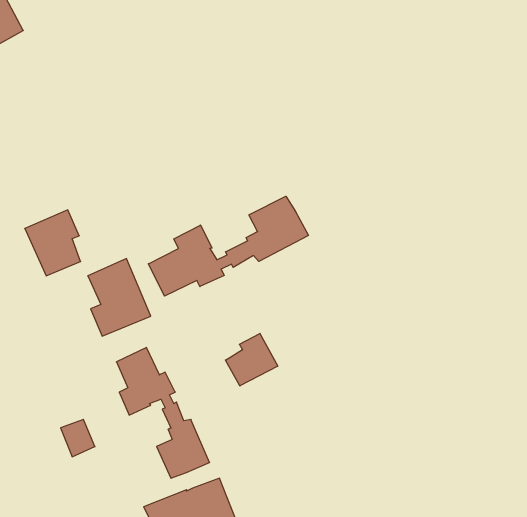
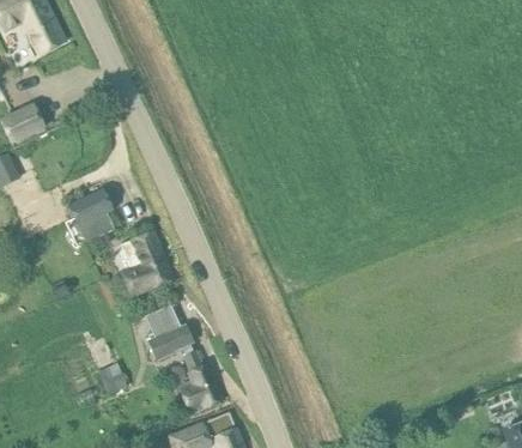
building: [148,196,308,296] -> none
building: [225,333,278,386] -> none

